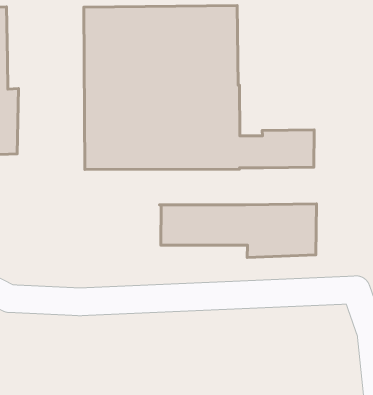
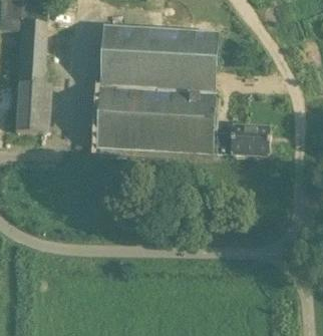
building: [160,204,317,257] -> none

